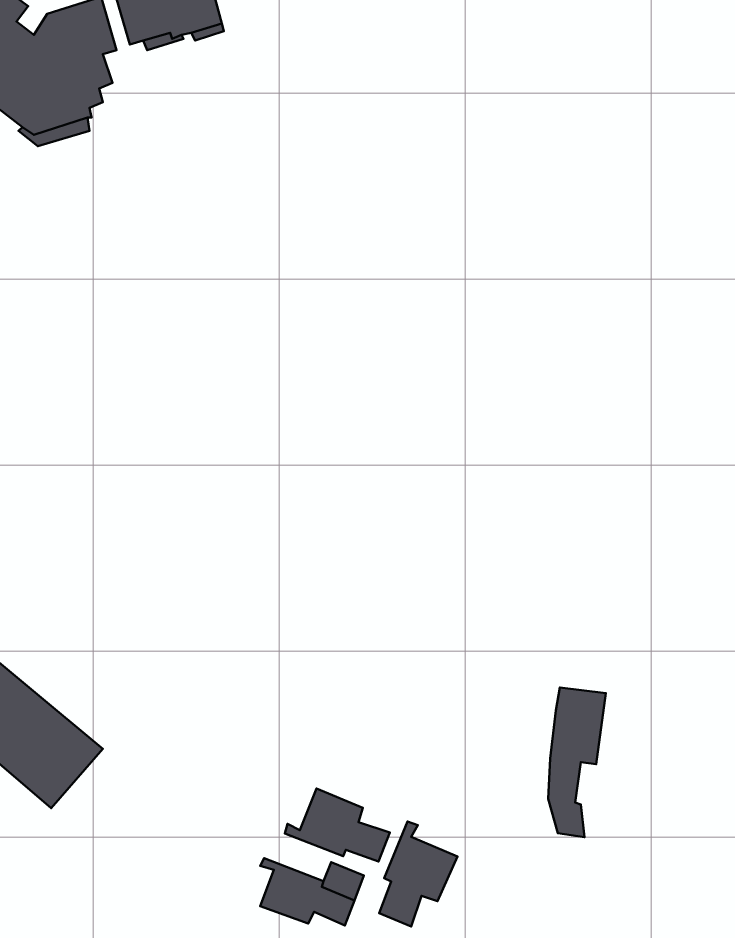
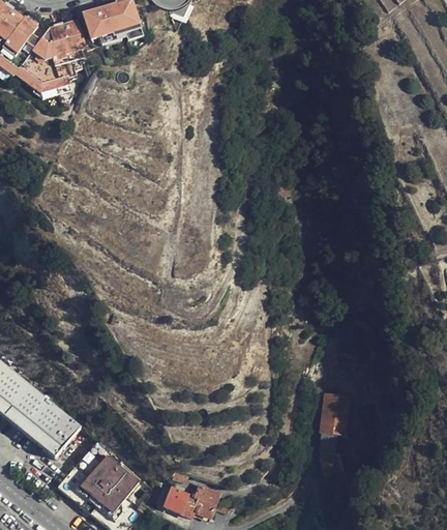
building: [285,788,390,861] -> none
building: none -> [78,451,140,512]
building: [379,822,457,926] -> none

